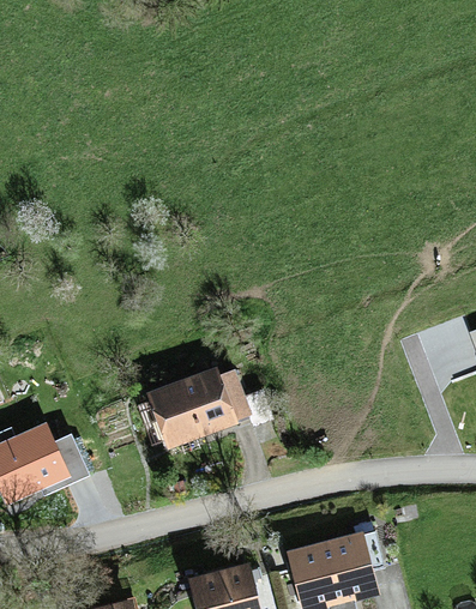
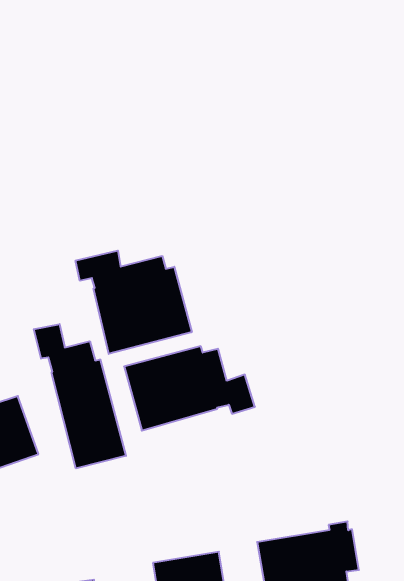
building: none -> [76,251,192,354]
building: none -> [34,324,126,468]

